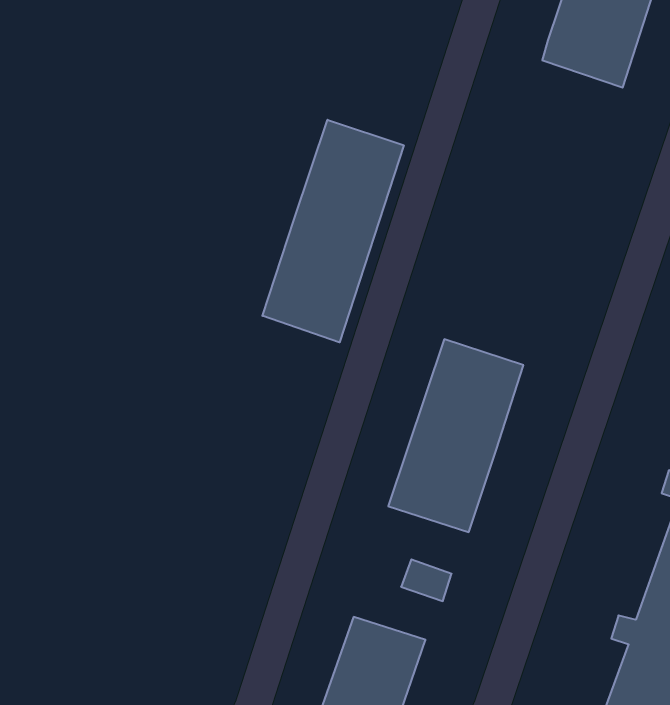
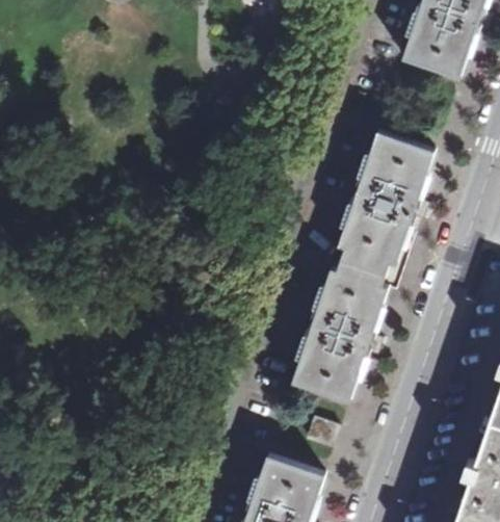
building: [262,120,404,342] -> none
building: none -> [336,134,432,273]

